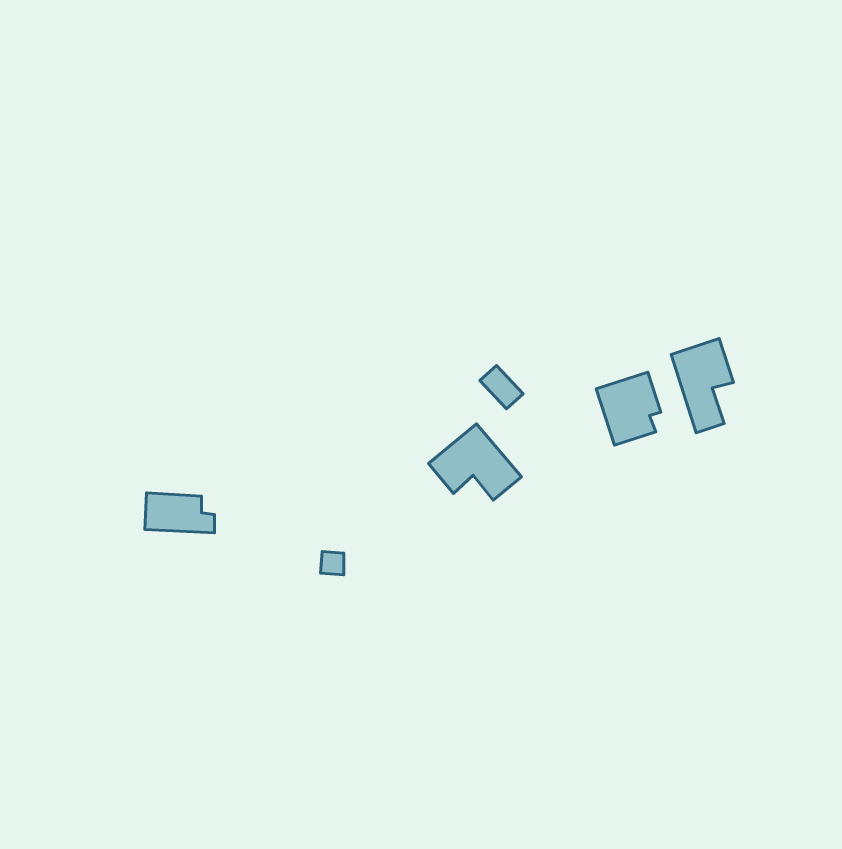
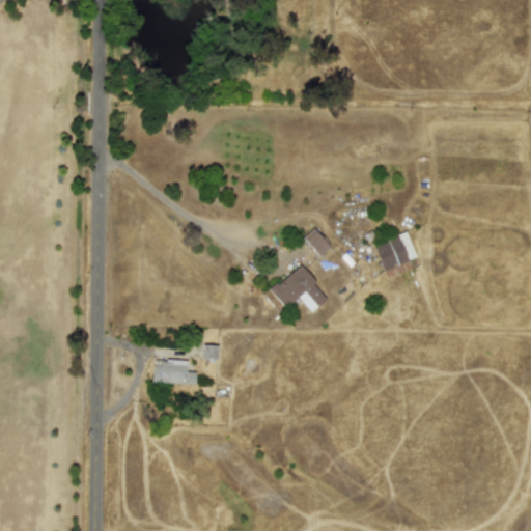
building: [671,338,733,433] -> none
building: [145,493,215,533] -> [153,359,197,384]

